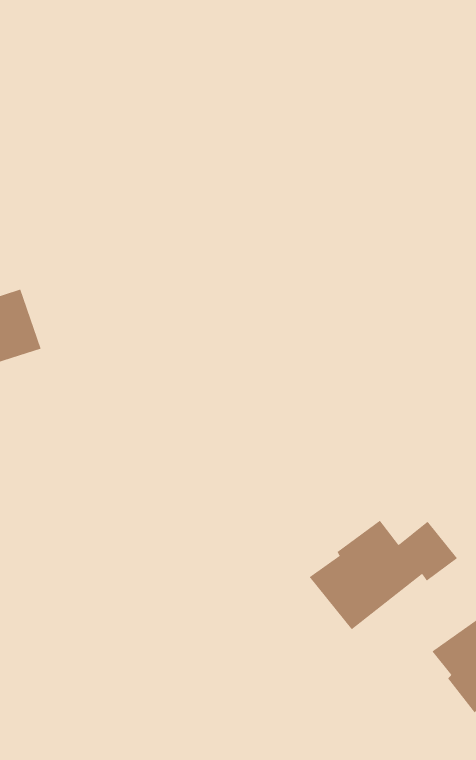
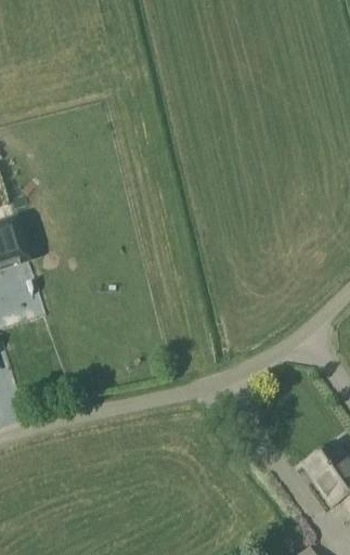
building: [309,520,458,630] -> none

